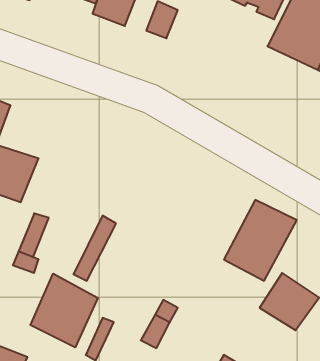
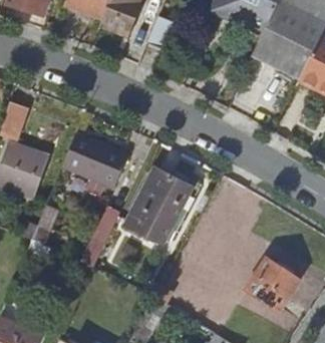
building: none -> [62,132,127,194]
building: [224,200,297,281] -> [126,169,192,242]
building: [30,274,98,347] -> none

